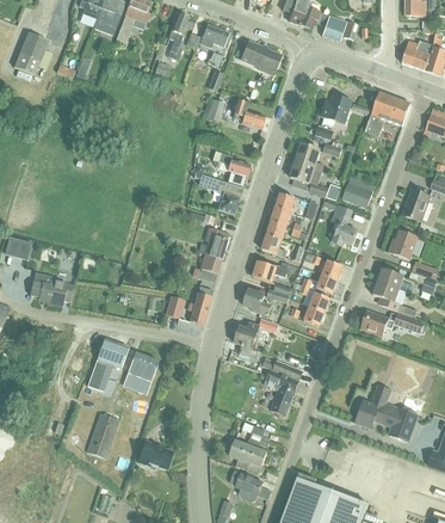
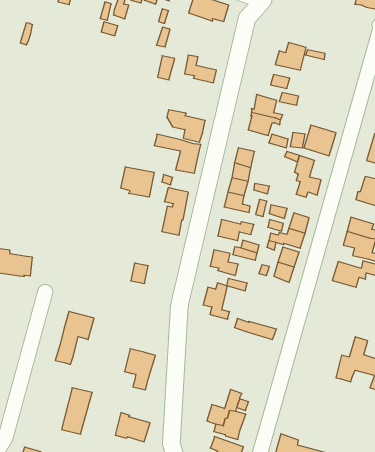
building: [364,91,409,136] -> none
building: none -> [121,167,154,197]
building: [186,285,211,324] -> none
building: [126,351,157,392] -> [124,349,155,390]
building: [265,369,297,416] -> none

